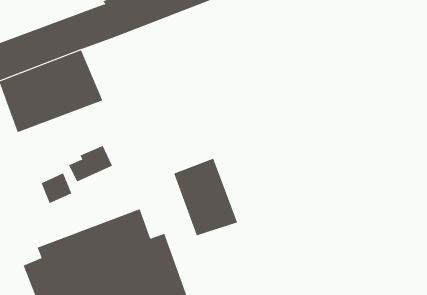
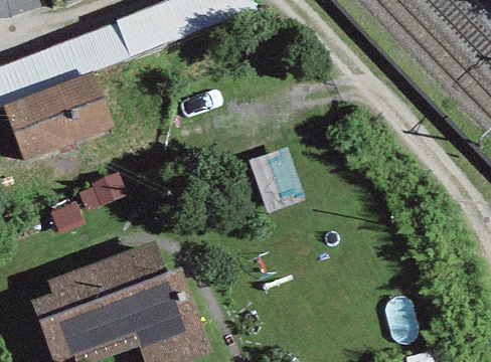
building: [173,158,238,236] -> none

